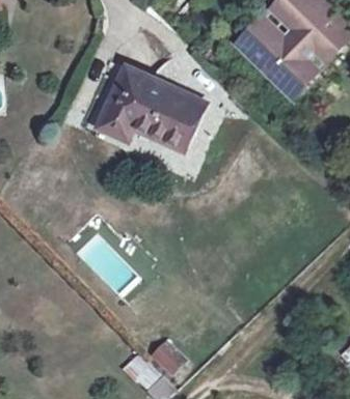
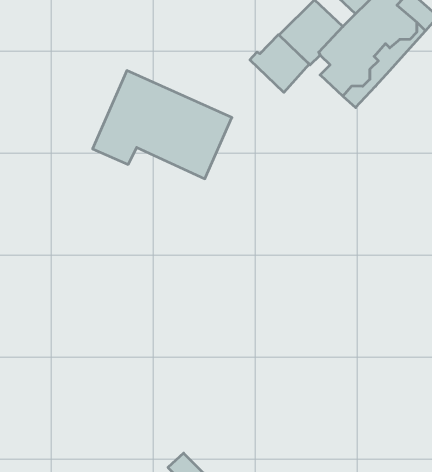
building: none -> [250,35,309,92]

